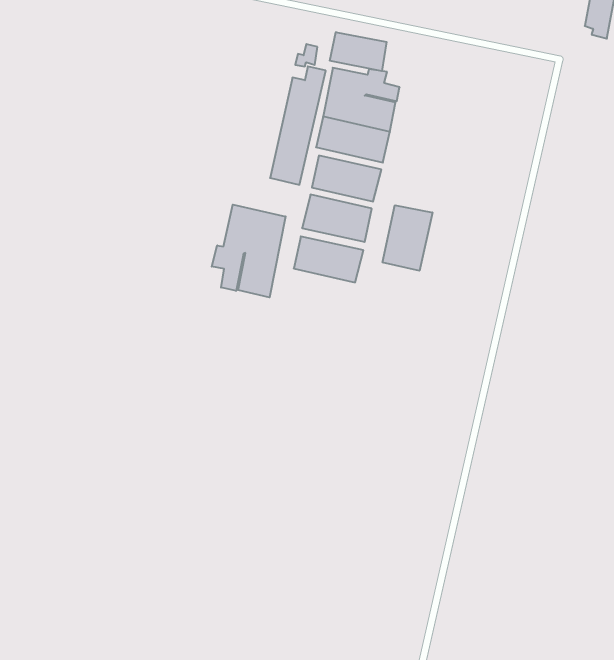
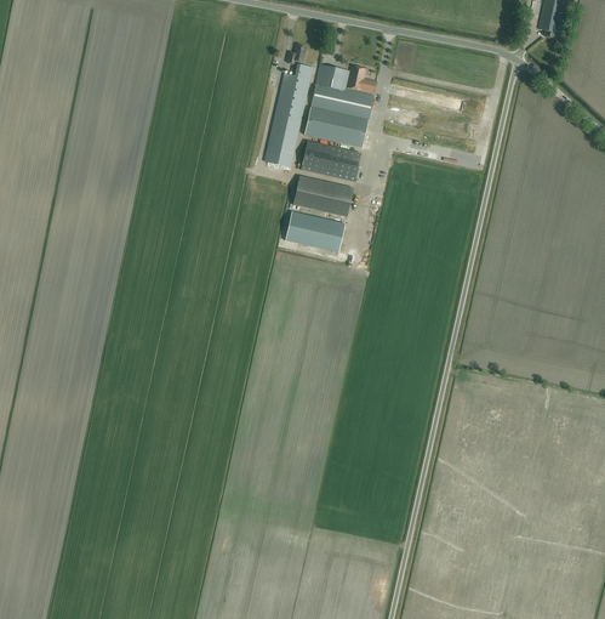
building: [330,32,387,71] -> none
building: [212,205,286,297] -> none
building: [383,205,432,271] -> none

